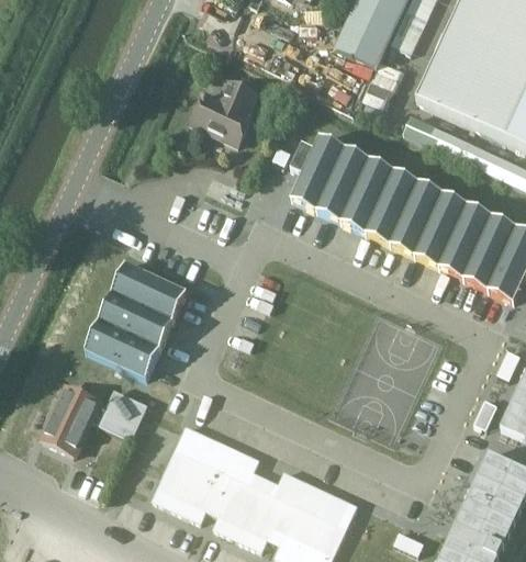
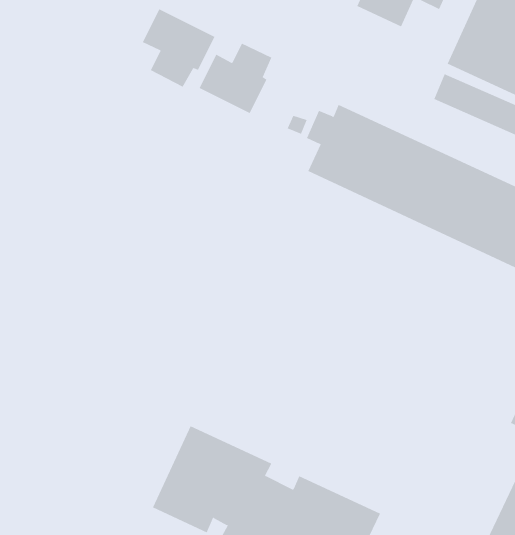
building: none -> [142,9,215,87]
building: [85,262,187,376] -> none
building: [45,379,146,450] -> none

